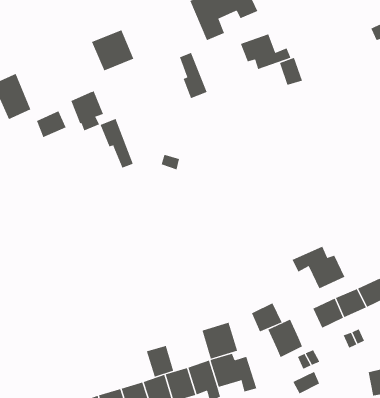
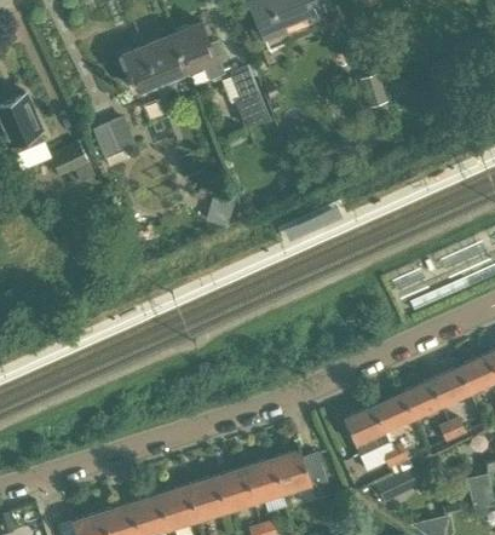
building: none -> [160,22,226,79]
building: [240,33,291,70] -> none
building: [100,118,133,169] -> none
building: [292,246,345,289] -> none
building: [251,303,282,332] -> [374,393,414,431]
building: [202,322,238,360] -> none
building: [146,345,174,377] -> none

